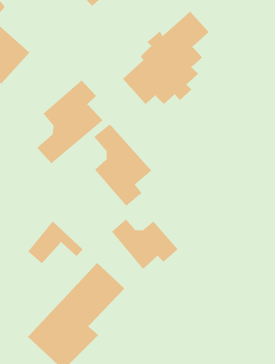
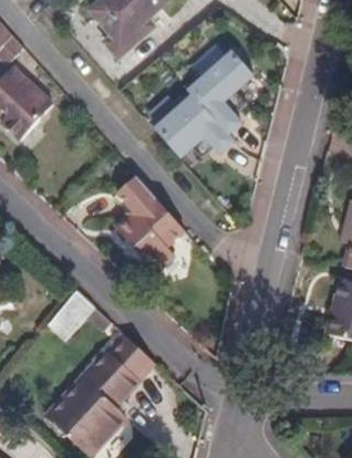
building: [36,79,103,164] -> none
building: [111,218,178,270] -> none

